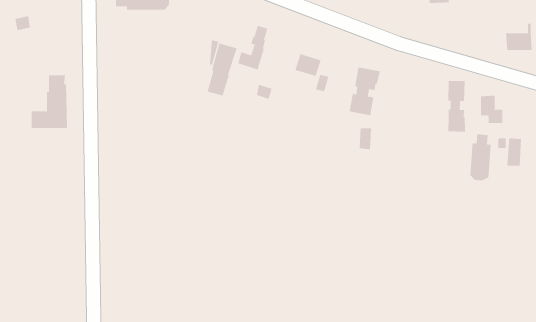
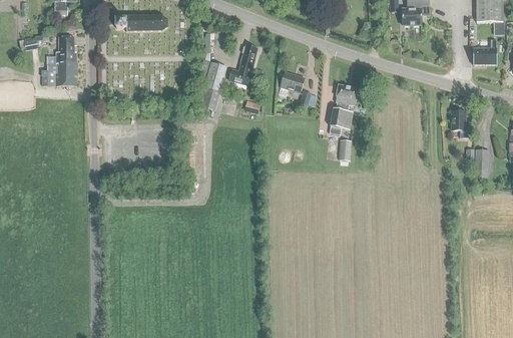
building: [31,75,68,128] -> [41,35,75,84]
building: [448,80,465,132] -> none
building: [470,134,491,181] -> none

